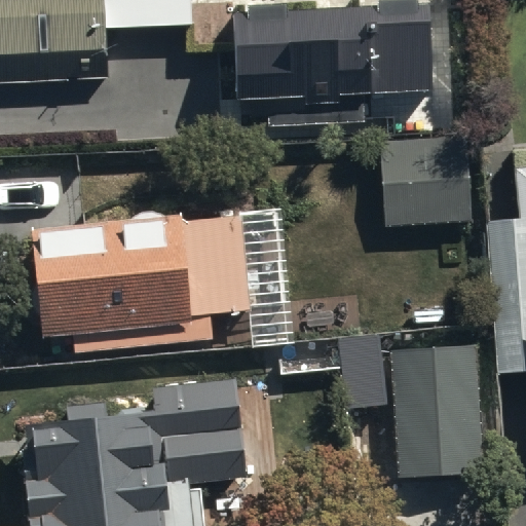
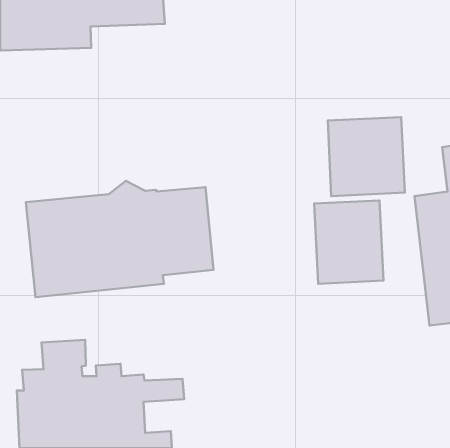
building: [234,4,434,117] -> none
building: none -> [314,201,383,284]
building: [391,339,484,472] -> none

